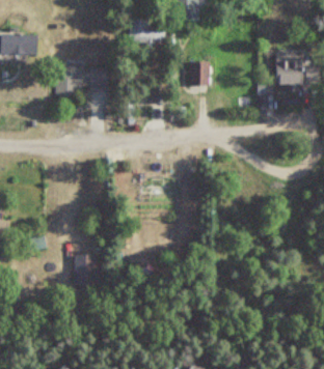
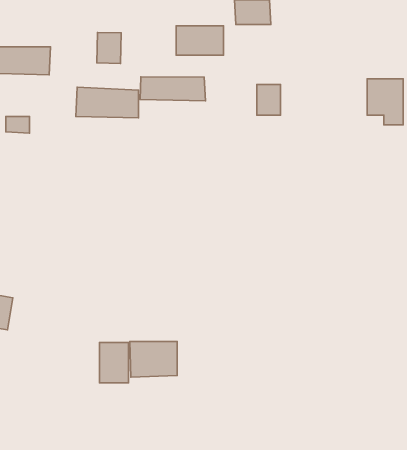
building: none -> [97,32,121,64]
building: none -> [140,77,205,101]
building: none -> [130,341,177,377]

